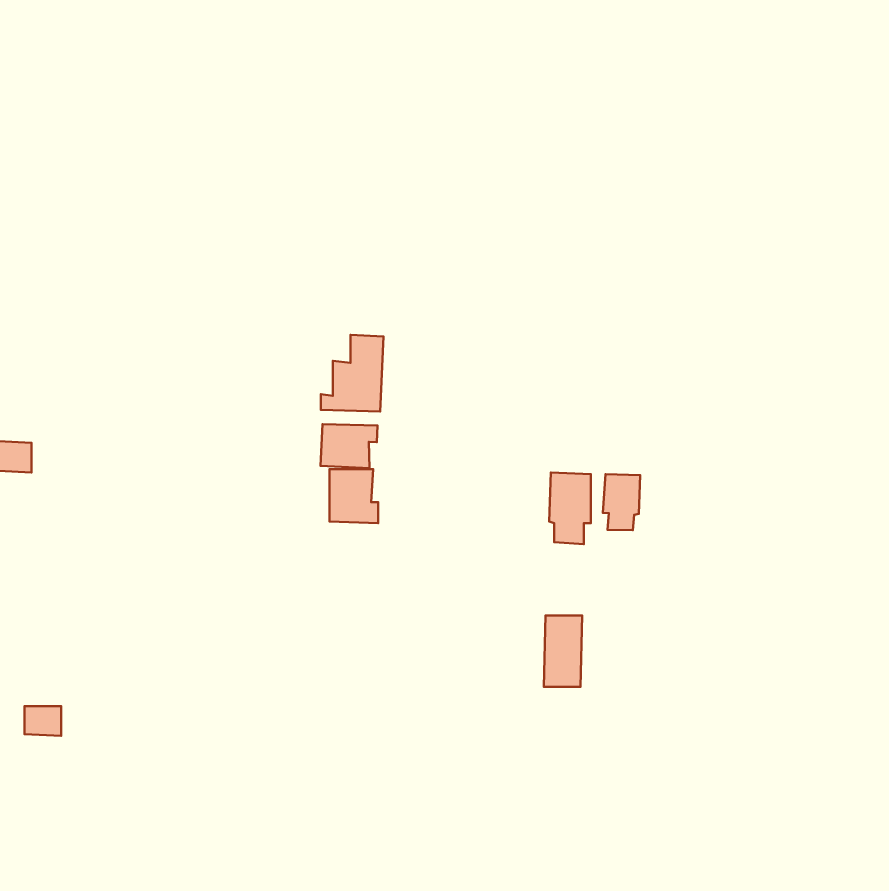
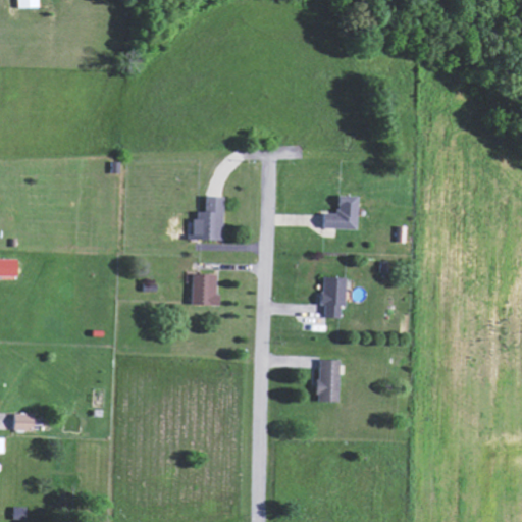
building: none -> [322,195,358,229]
building: [320,424,377,468] -> none
building: [603,474,640,530] -> none

